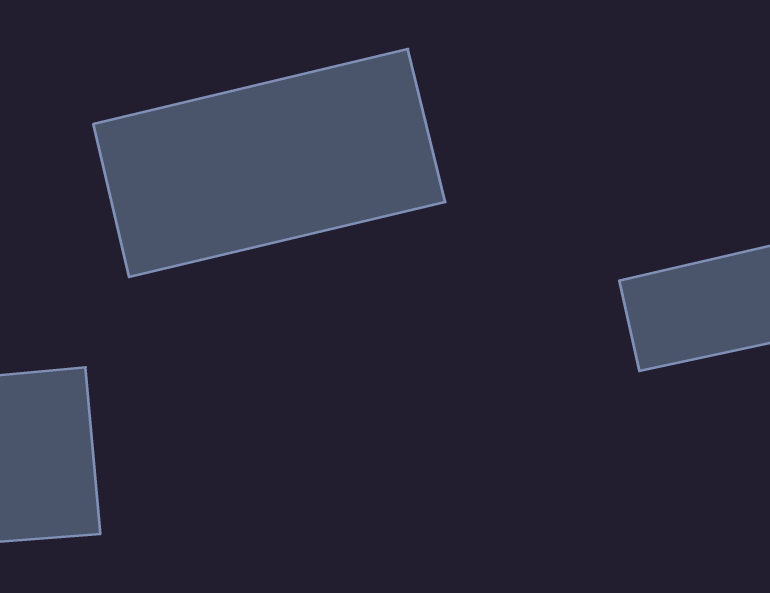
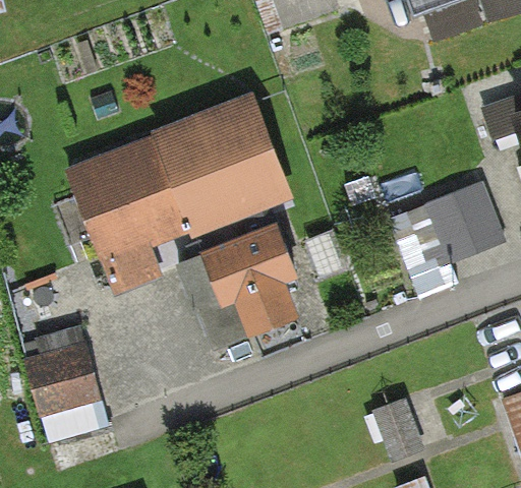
building: none -> [196,224,298,333]

